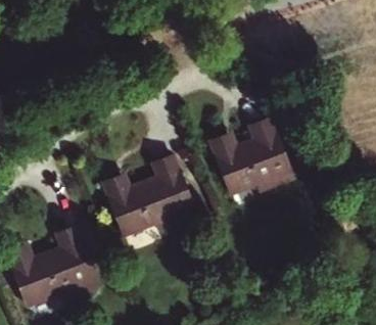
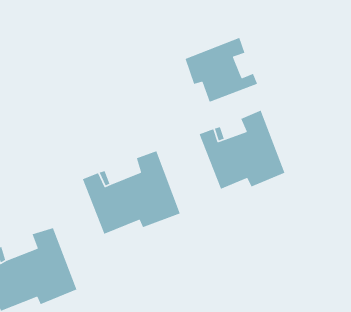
building: none -> [184,37,258,103]

